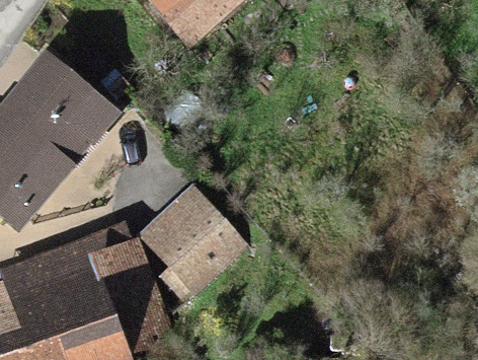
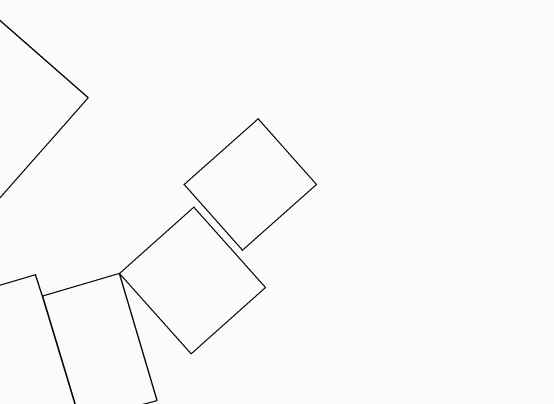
building: none -> [184,119,316,250]

